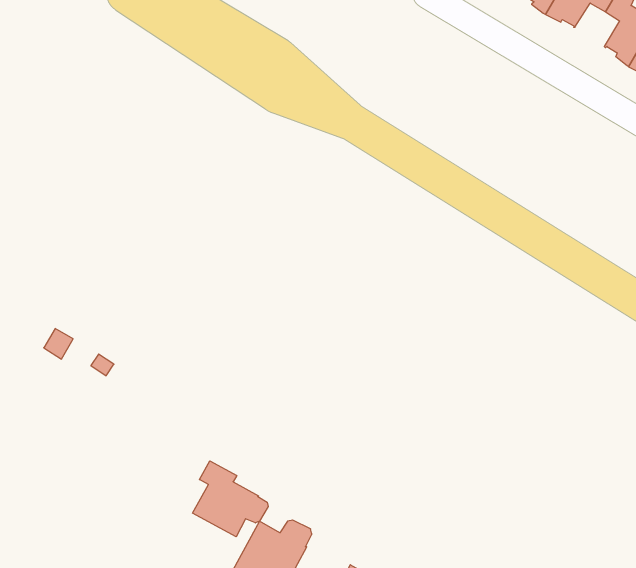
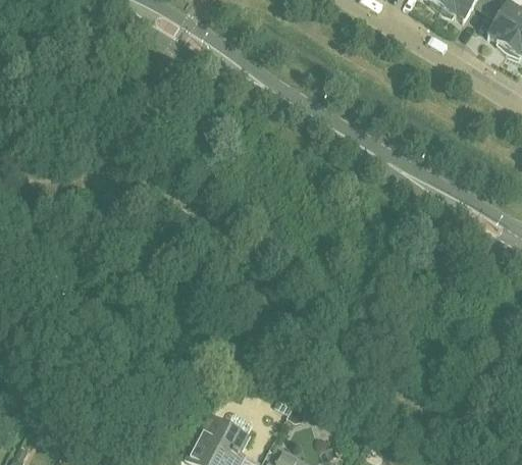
building: [193,461,268,537] -> none

